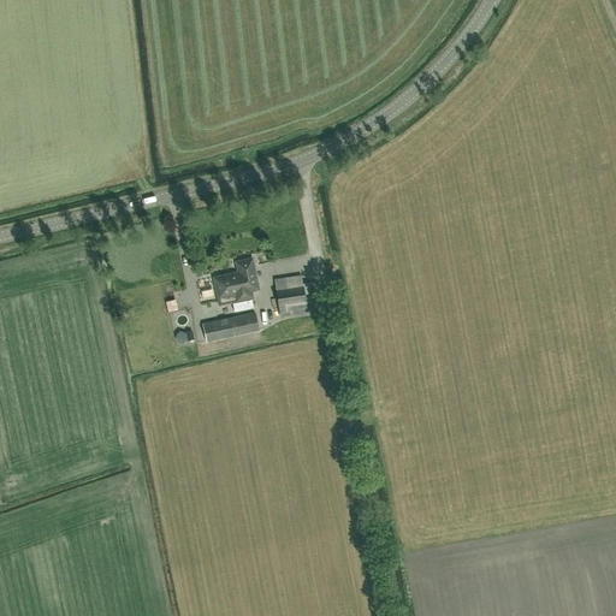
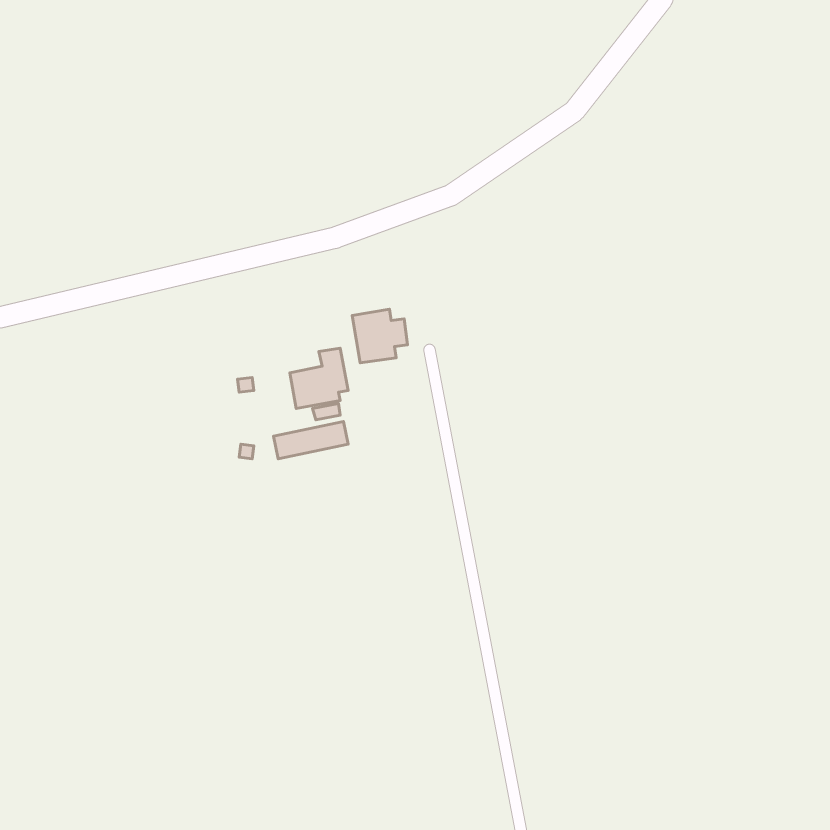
building: [273,274,314,314] -> [352,309,407,363]

